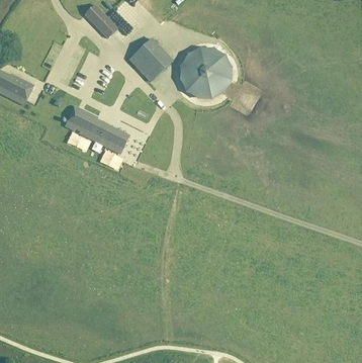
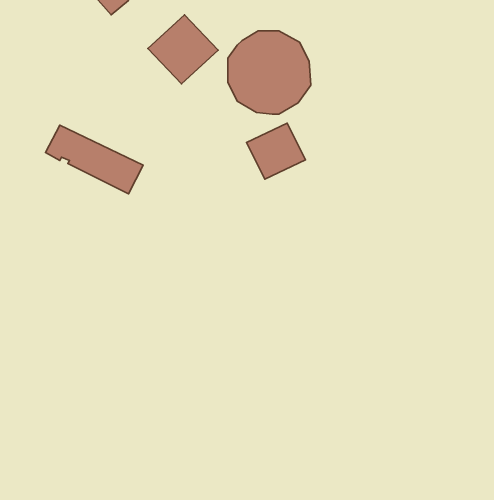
building: none -> [247,123,306,179]

